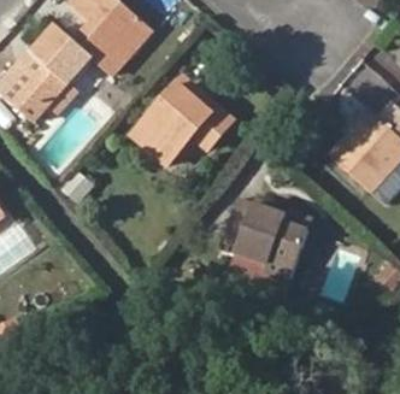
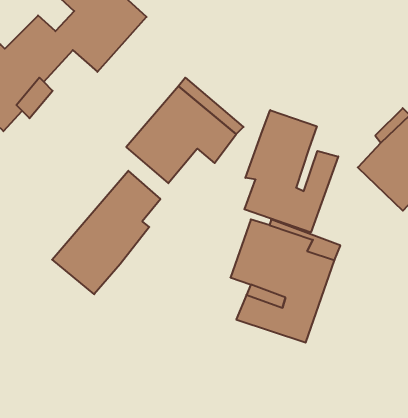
building: none -> [244,110,338,232]
building: none -> [52,171,160,294]

